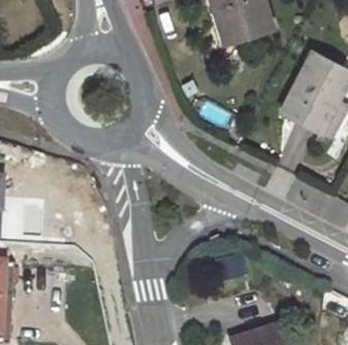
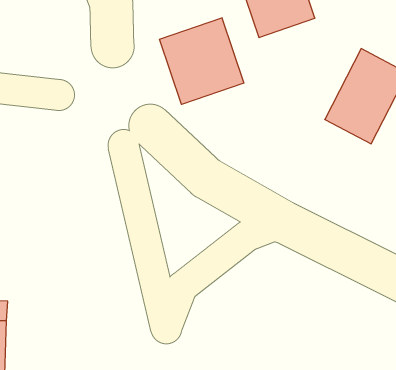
building: none -> [159,18,244,104]

